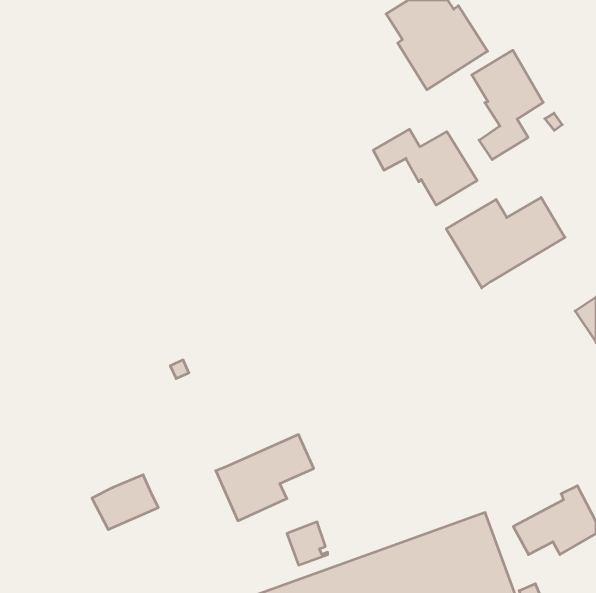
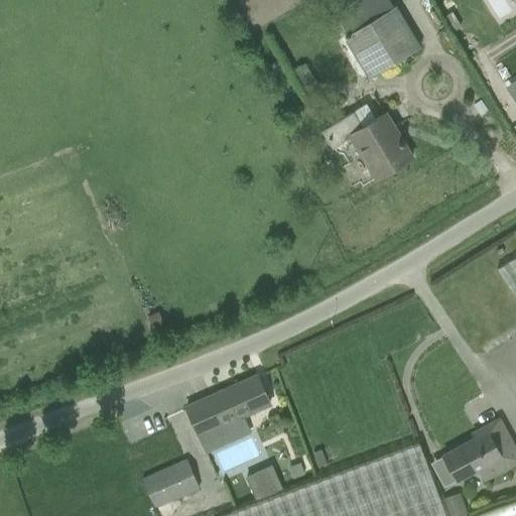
building: [472,50,543,160] -> none
building: [446,197,565,288] -> none
building: [92,475,158,530] -> [142,462,200,509]

